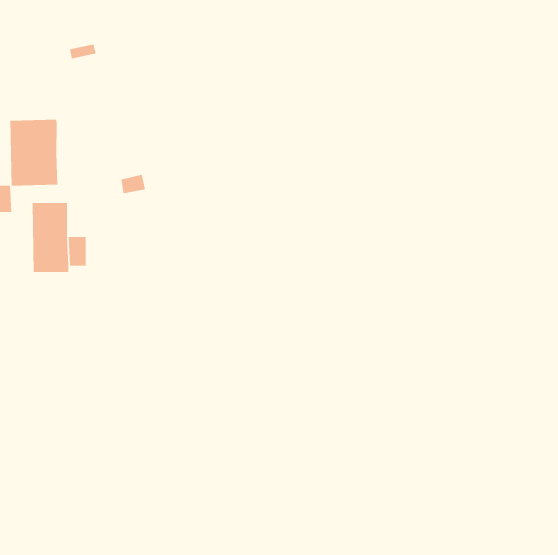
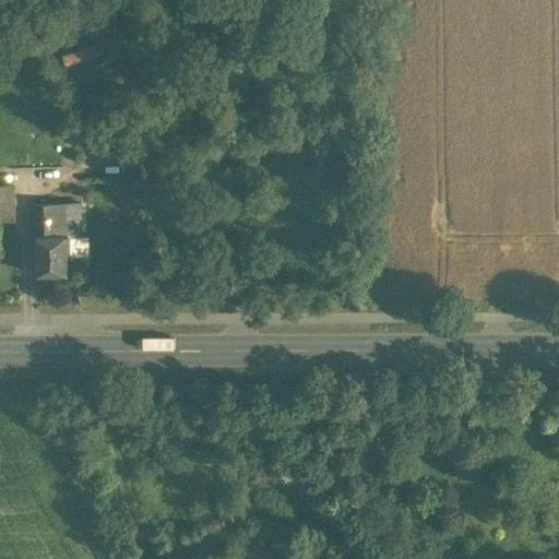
building: [10,119,58,187] -> none

